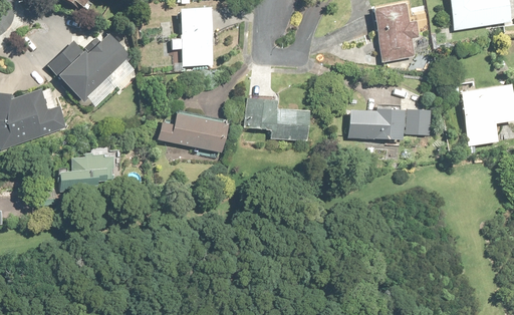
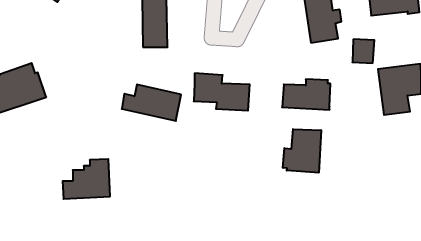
building: [48,33,135,105] -> none
building: [406,108,432,136] -> [352,39,374,63]
building: [59,143,115,191] -> [63,159,110,199]
building: none -> [283,129,321,173]

